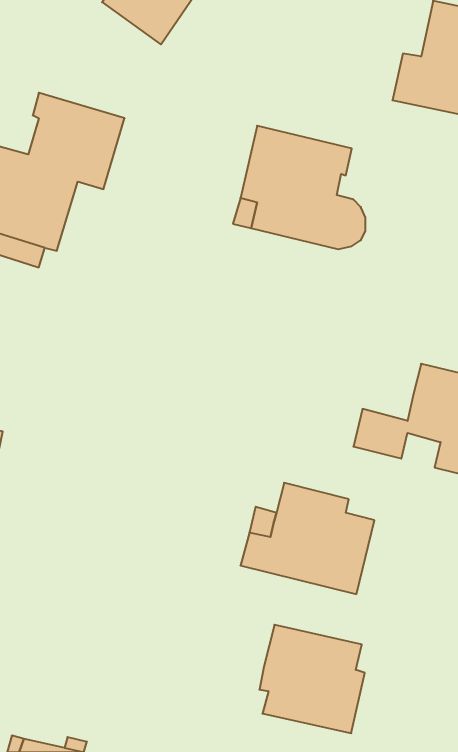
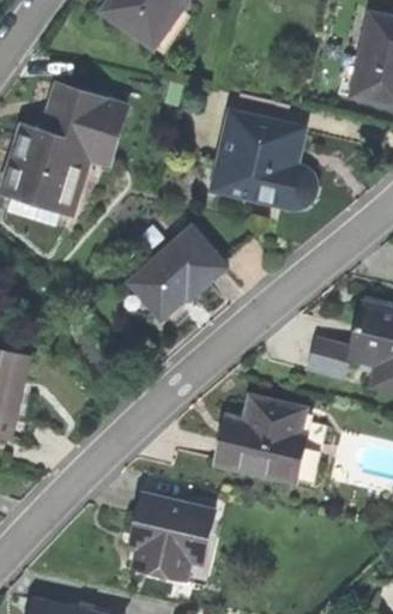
building: none -> [129,229,225,319]
building: [259,625,365,733] -> [132,493,216,579]

